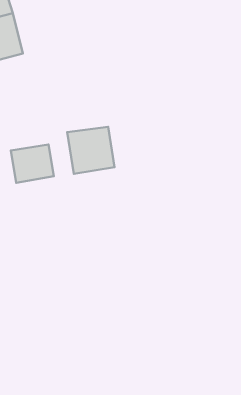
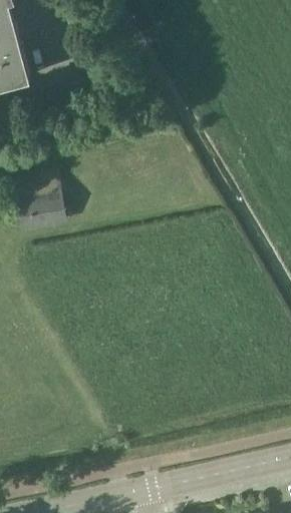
building: [67,127,114,174] -> none

